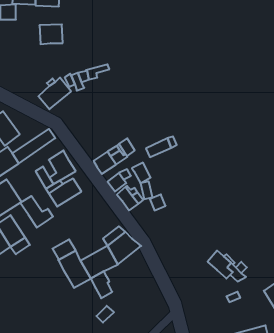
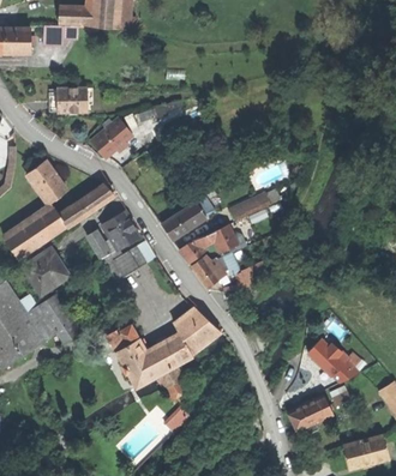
building: [39,24,63,44] -> [58,88,88,113]
building: [20,196,53,228] -> none
building: none -> [287,394,334,433]

